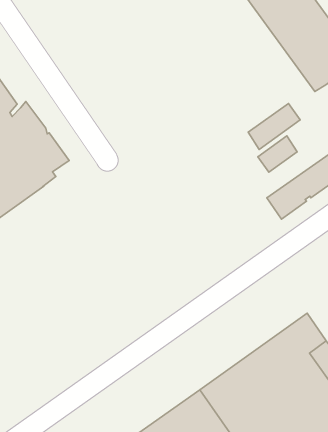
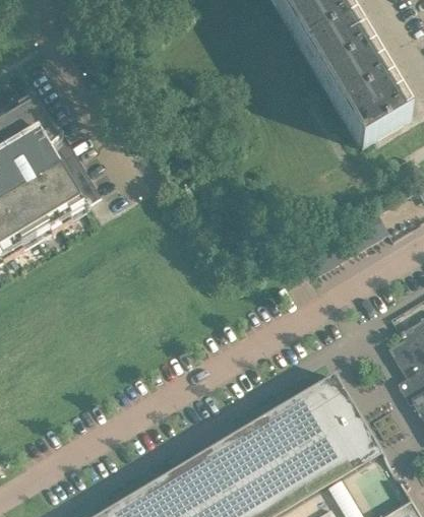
building: [248,103,300,150] -> none
building: [258,136,297,172] -> none

